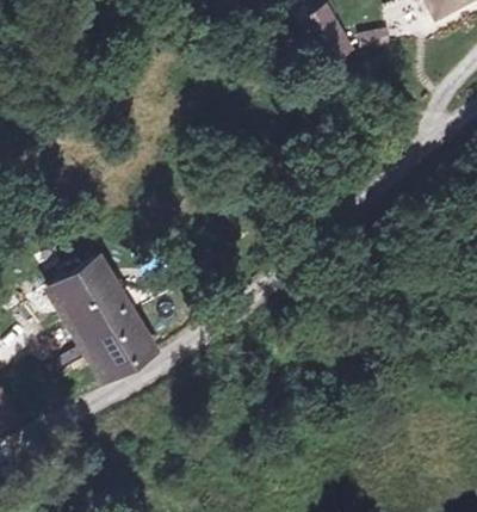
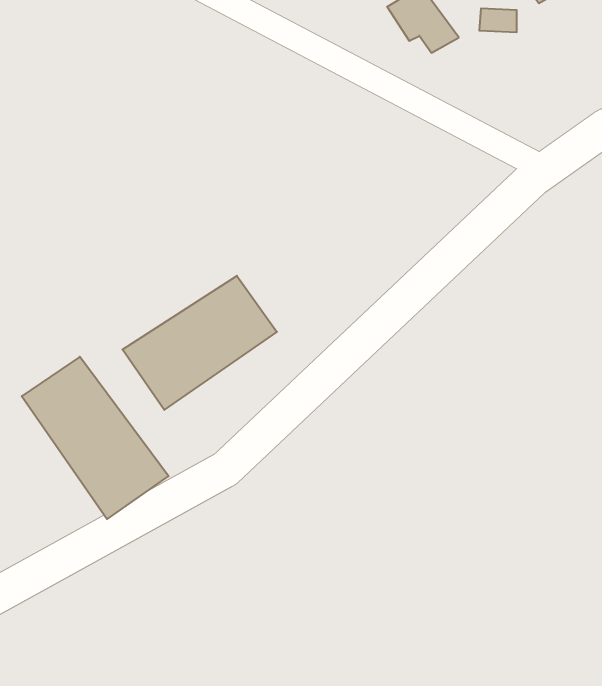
building: none -> [122,276,277,410]

